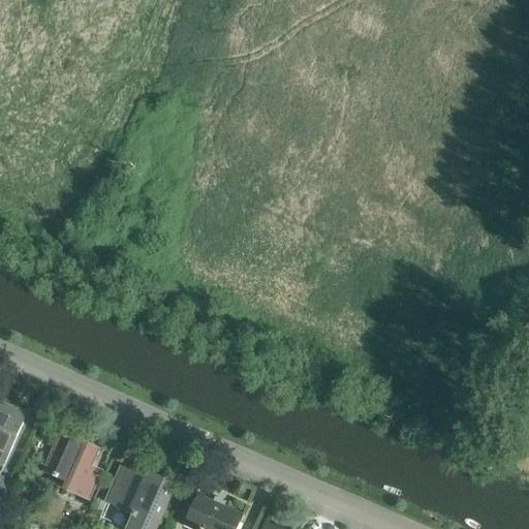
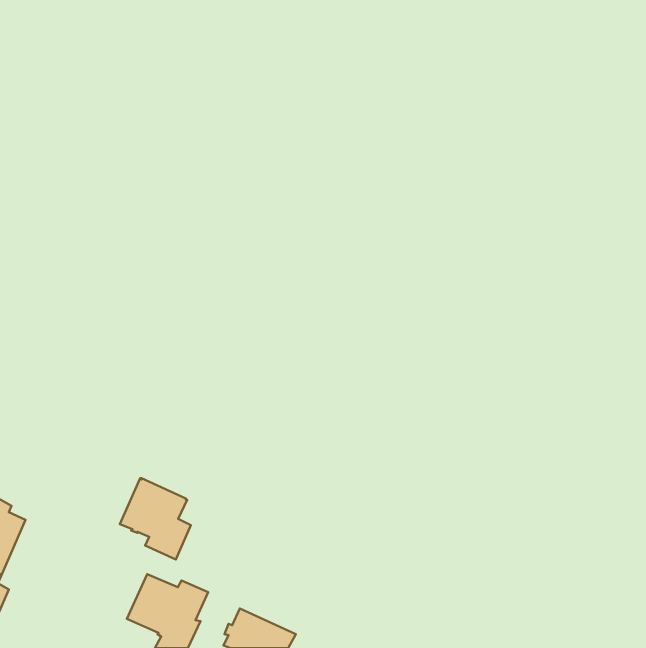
building: [41,433,99,499] -> [120,478,191,560]

